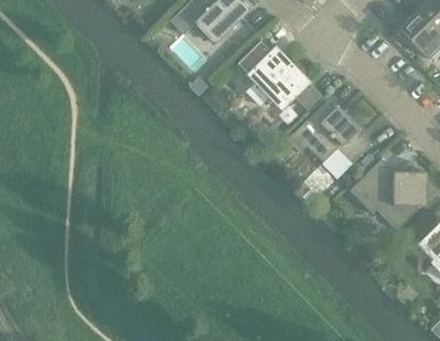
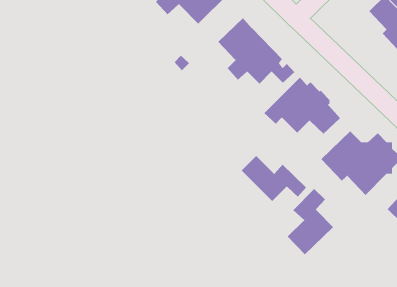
building: none -> [241,155,307,202]
building: none -> [287,188,334,255]

